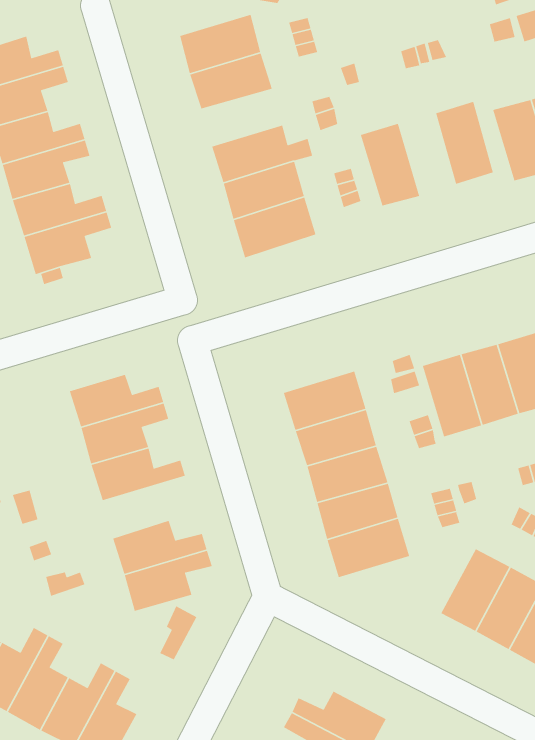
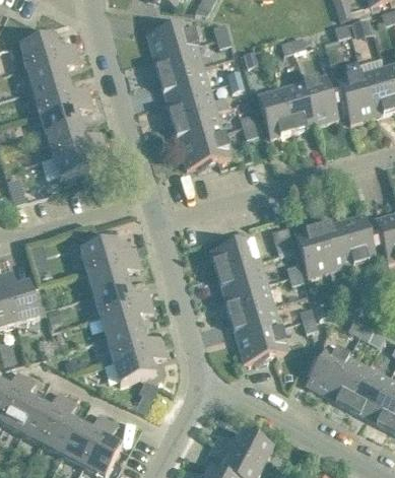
building: none -> [159,66,209,100]
building: none -> [279,80,314,131]
building: none -> [100,300,153,338]

